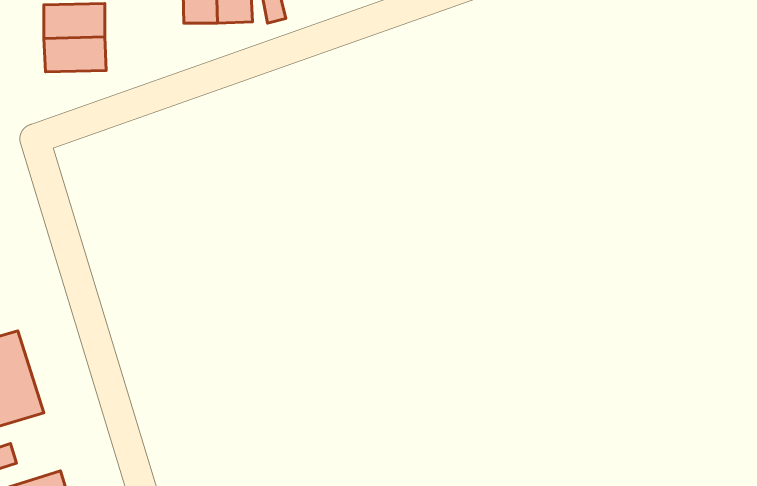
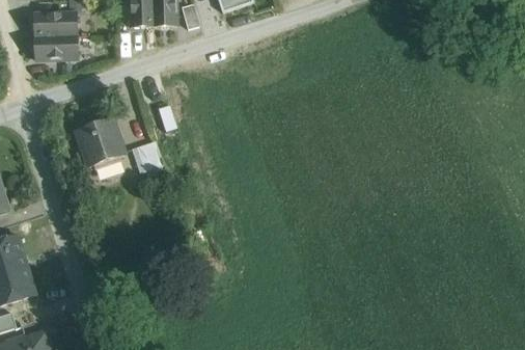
building: none -> [79,119,122,164]
building: none -> [132,141,162,171]

